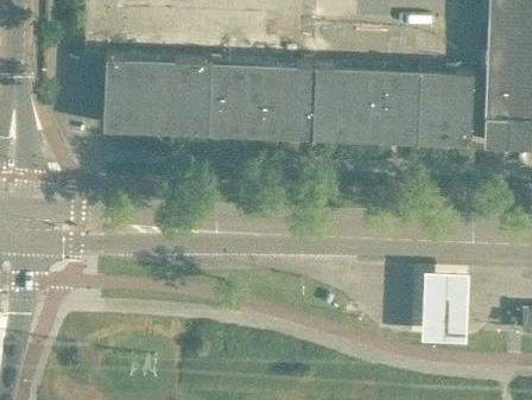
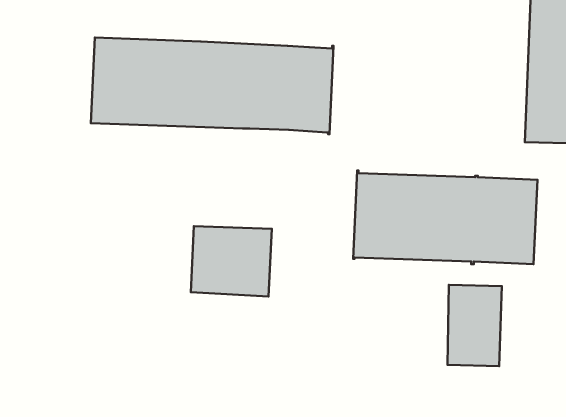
building: [312,65,474,147] -> [353,170,538,264]
building: none -> [191,226,272,297]

